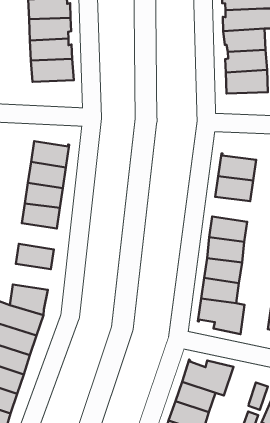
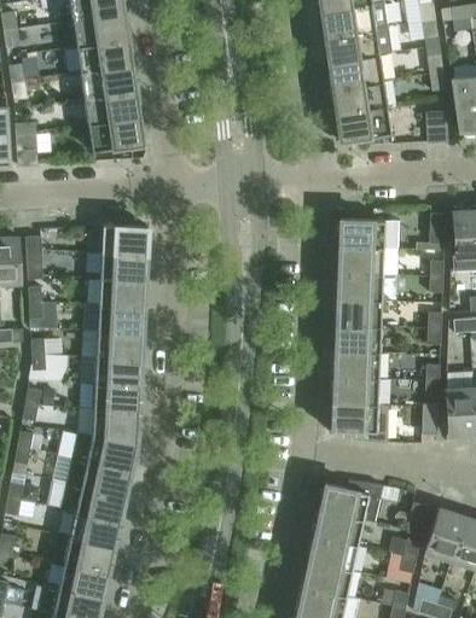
building: none -> [336,273,382,301]
building: none -> [95,331,141,360]
building: none -> [93,383,139,412]

